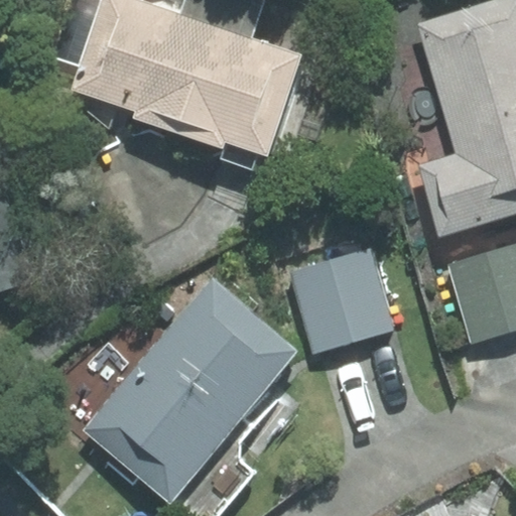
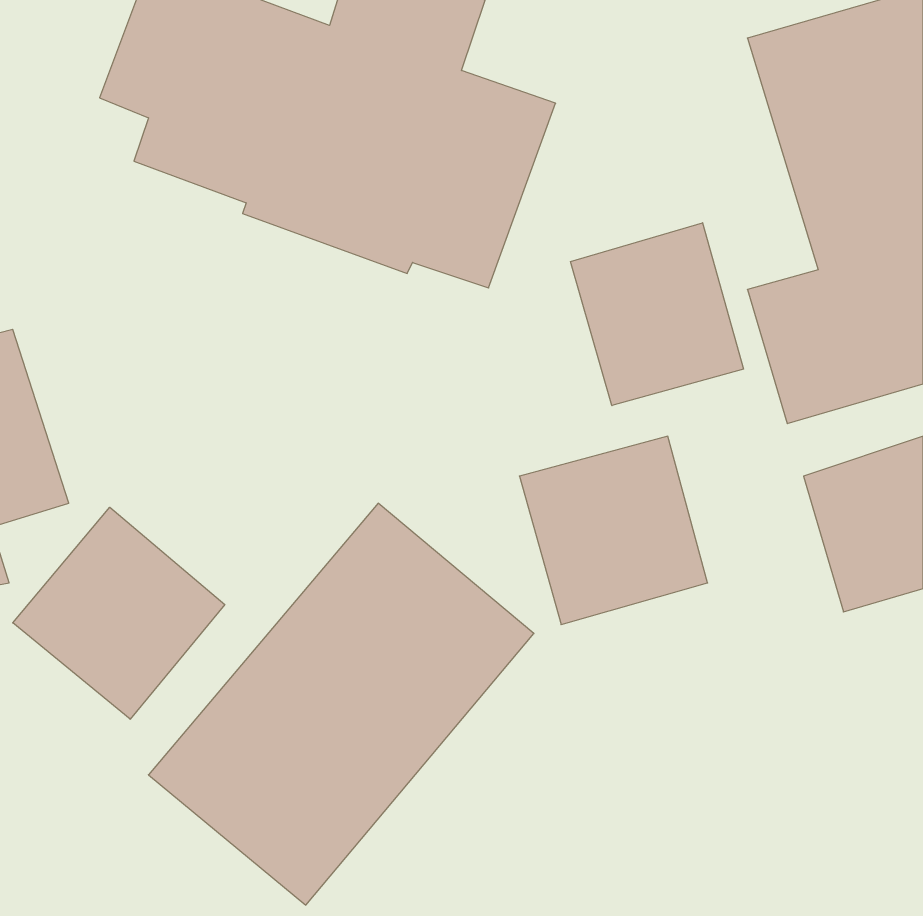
building: none -> [570,223,744,406]
building: none -> [13,507,225,719]

